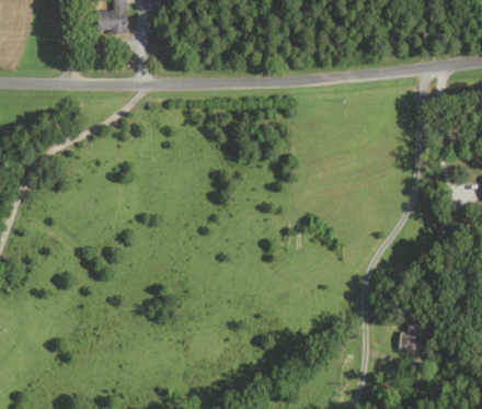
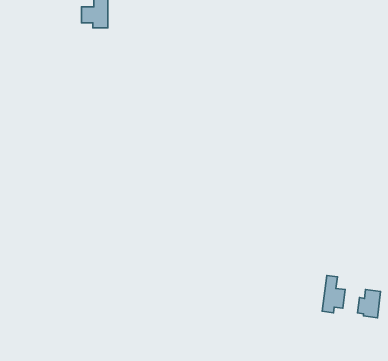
building: none -> [322,275,345,313]

